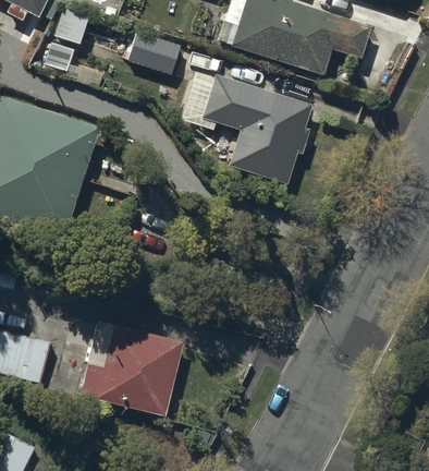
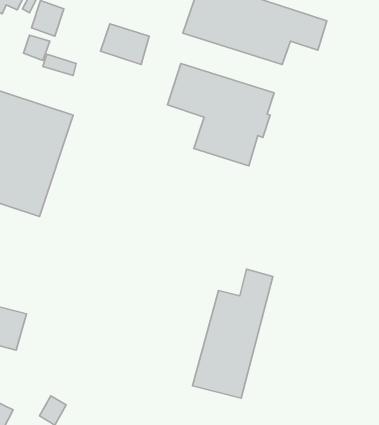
building: none -> [192,269,273,398]
building: [81,327,183,415] -> none

